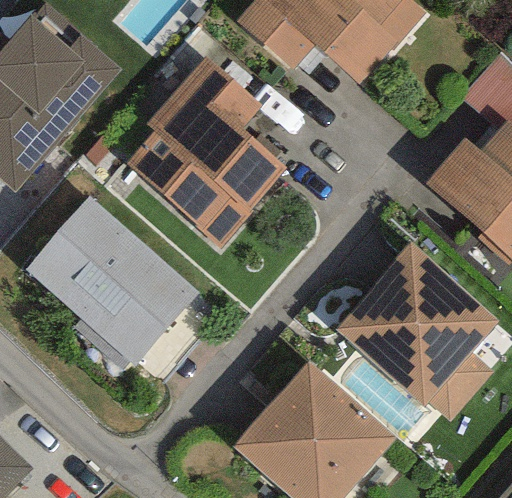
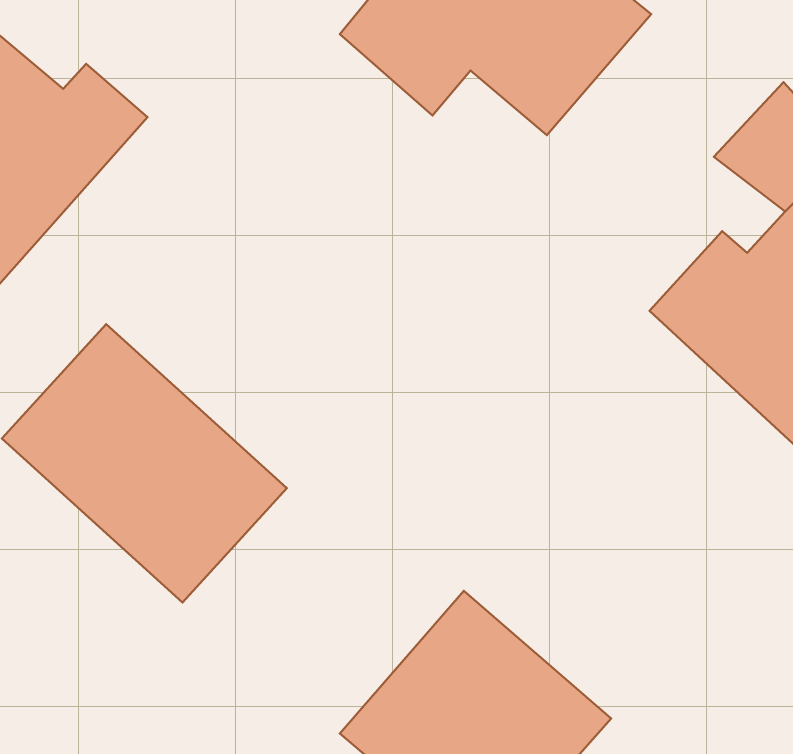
building: [127,54,286,242] -> none
building: [333,246,492,417] -> none

